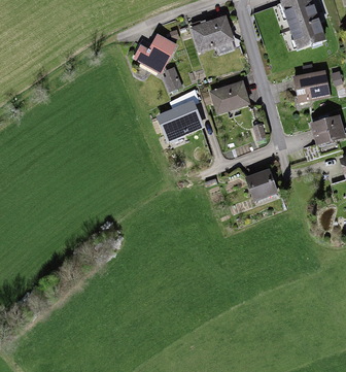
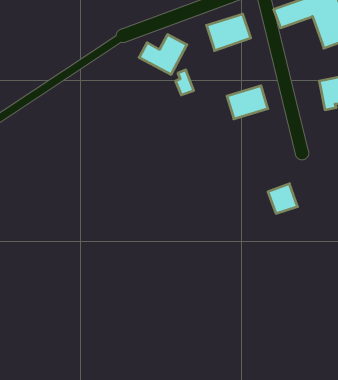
building: [160,102,198,136] -> none

